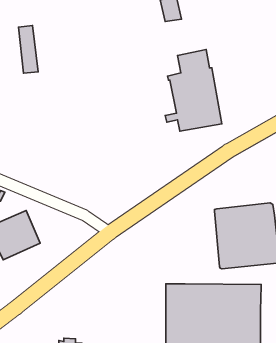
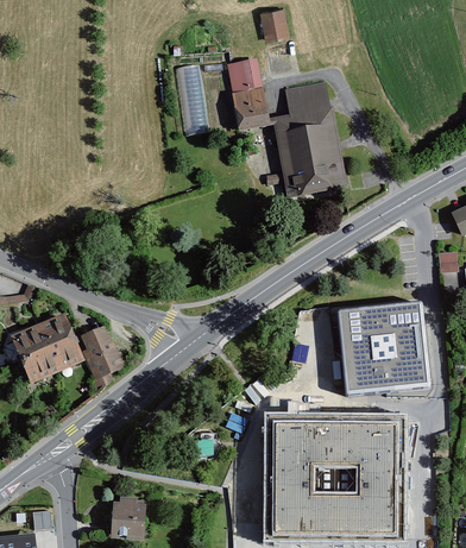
building: [18,26,38,73] -> [178,63,207,132]
building: none -> [226,57,270,130]
building: none -> [76,325,125,385]

